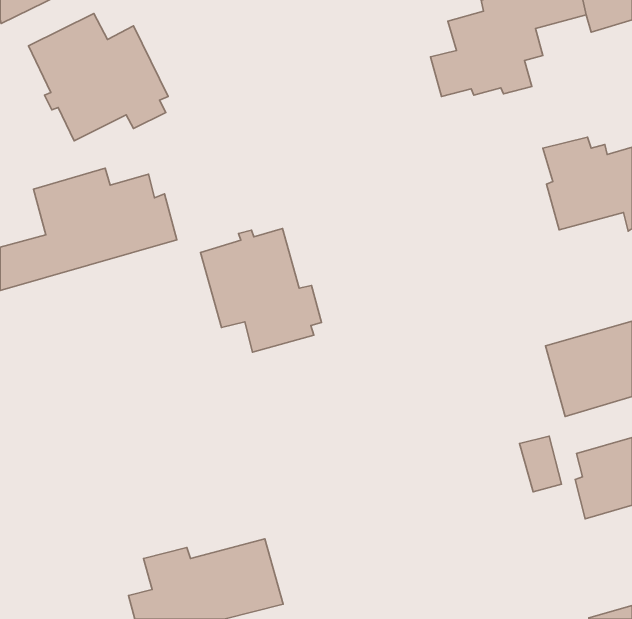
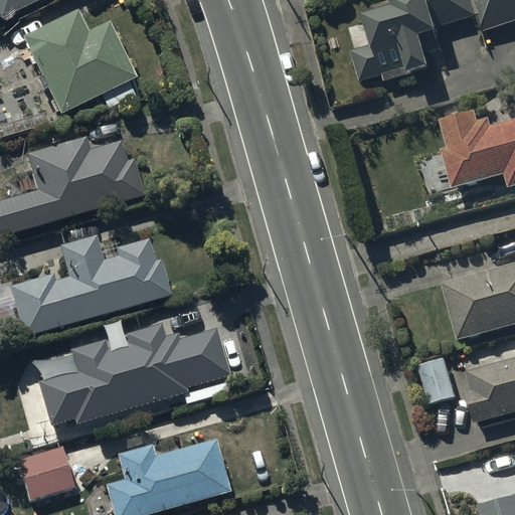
building: [201,228,322,352] -> none
building: none -> [9,236,171,337]
building: none -> [37,324,228,425]
building: none -> [18,446,74,498]

